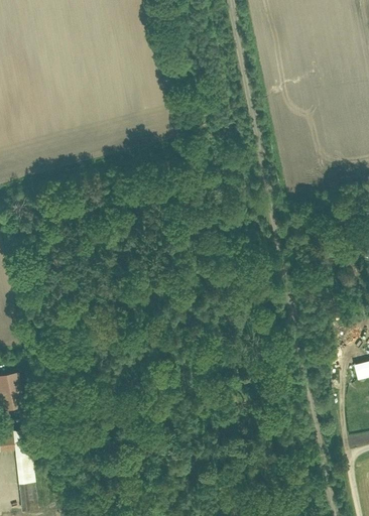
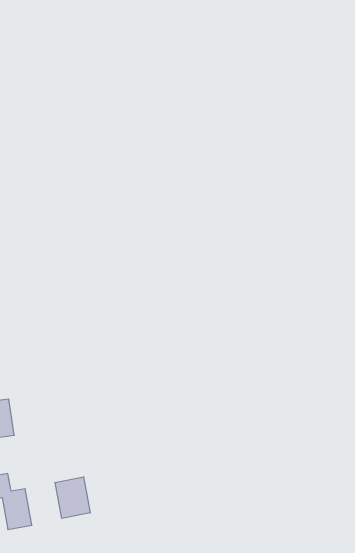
building: none -> [55,477,90,518]

